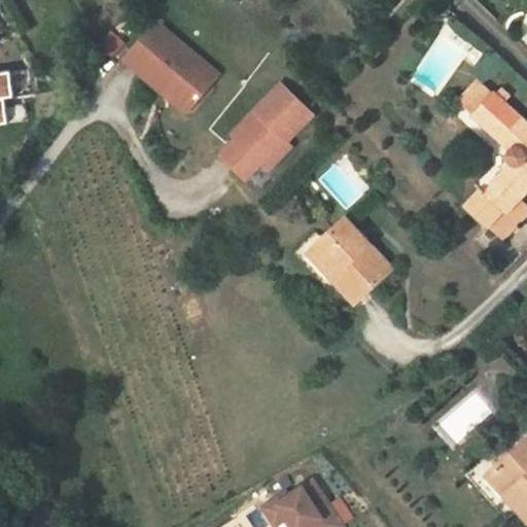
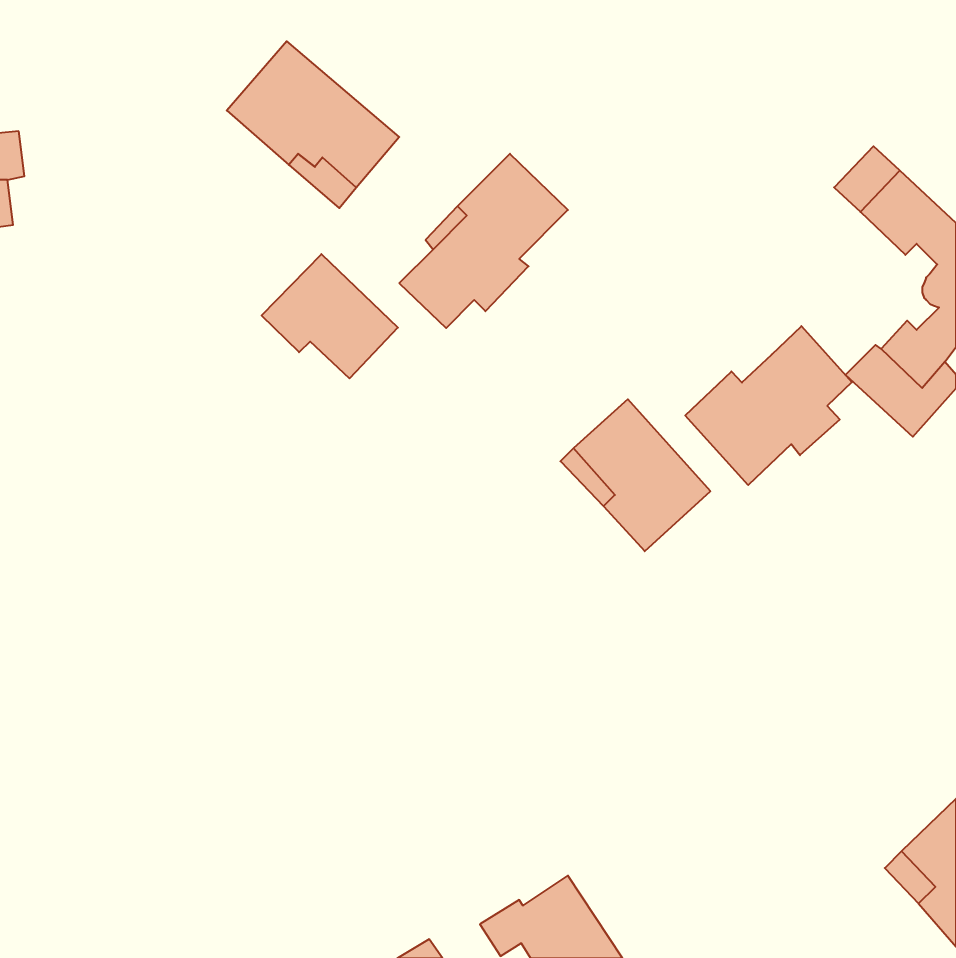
building: none -> [262,254,398,378]
building: none -> [685,326,852,485]

